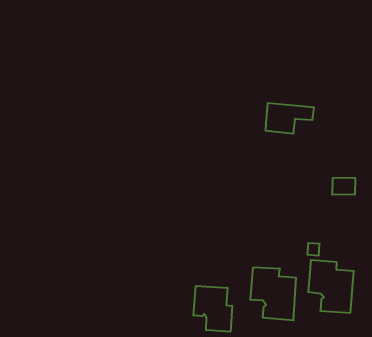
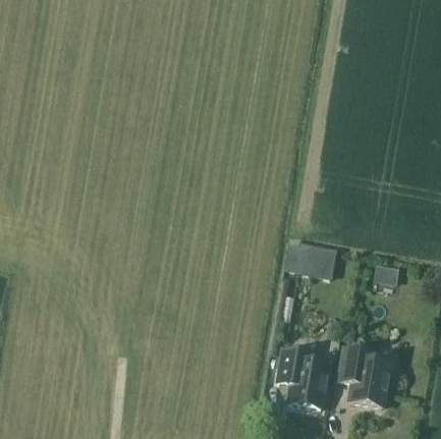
building: [265,103,314,133] -> [283,242,337,277]
building: [194,286,232,332] -> none

